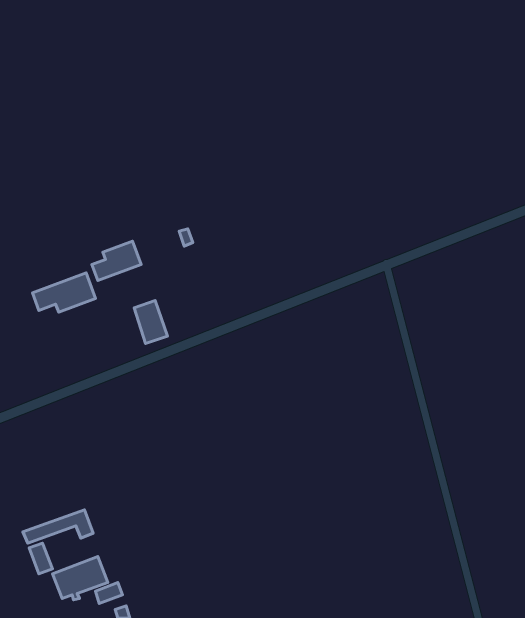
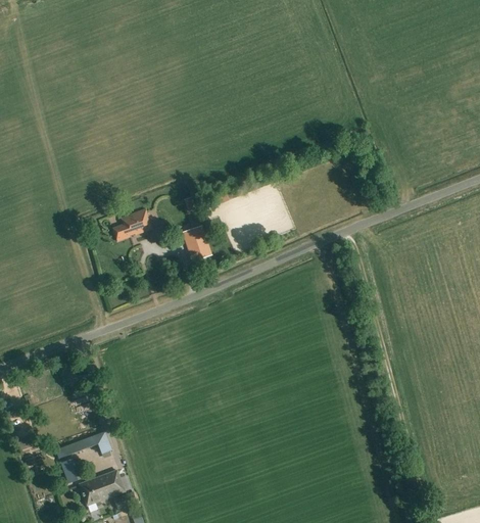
building: [32,273,96,312] -> none
building: [134,301,168,344] -> [184,225,211,260]

